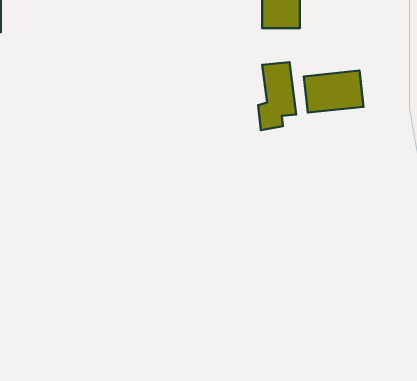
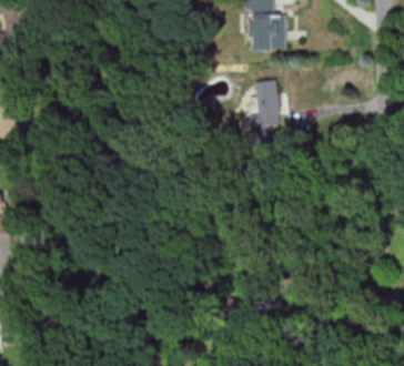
building: [304,71,363,113] -> none

